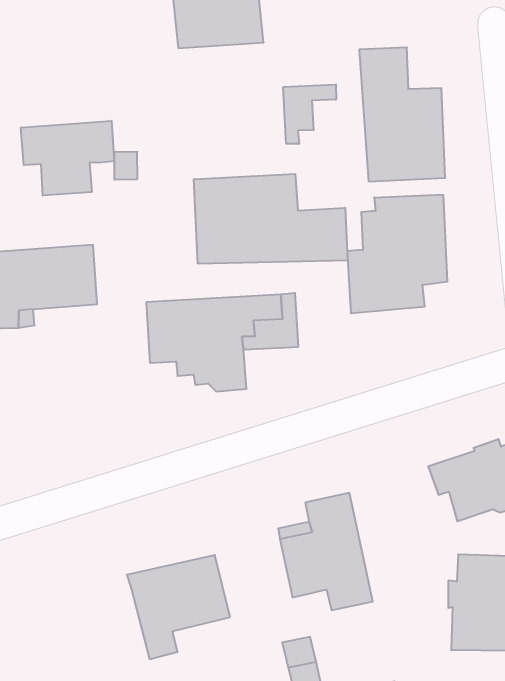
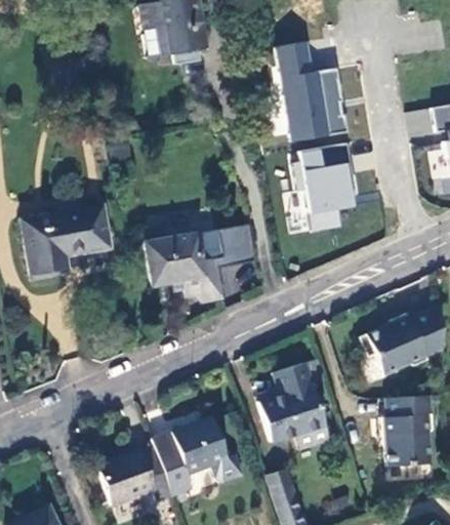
building: [283,84,336,144] -> none
building: [21,121,114,196] -> none
building: [194,174,347,264] -> none
building: none -> [95,447,172,506]

